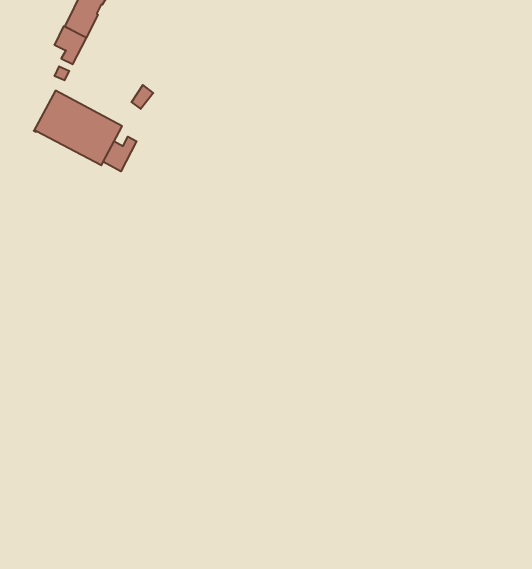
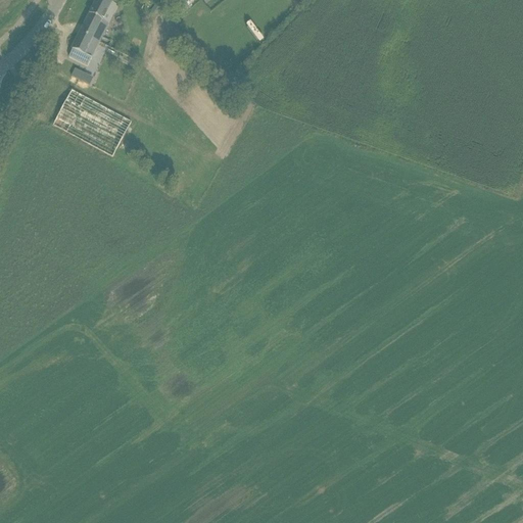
building: [103,137,137,171] -> none

